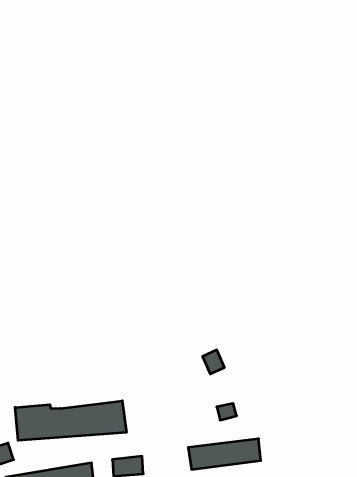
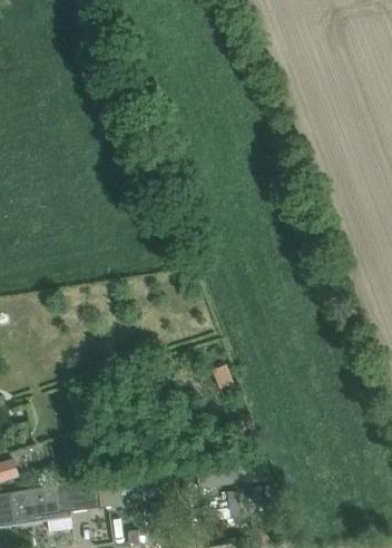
building: [15,401,126,440] -> none

